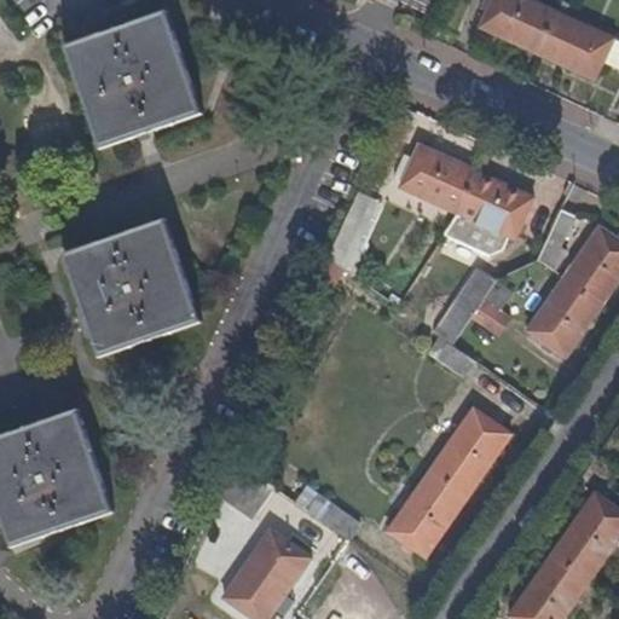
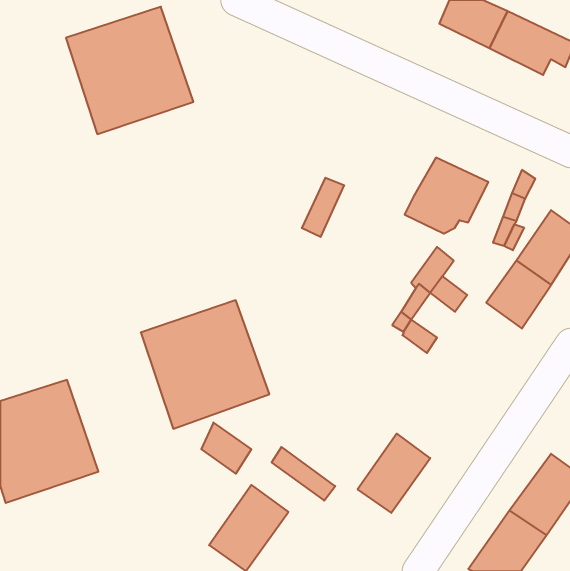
building: [394,152,473,213] -> none
building: [58,220,197,359] -> [141,300,269,429]
building: [430,406,510,496] -> none

